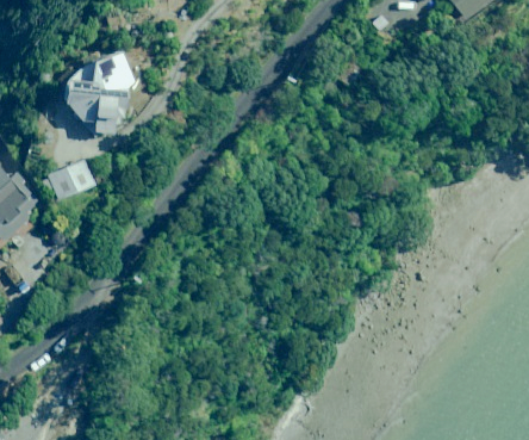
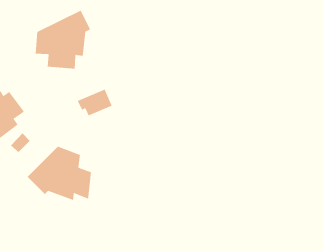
building: [42,159,94,199] -> [77,89,113,116]
building: none -> [27,146,91,201]

